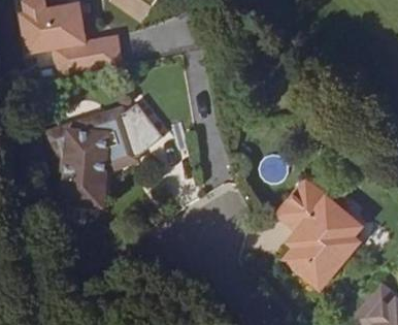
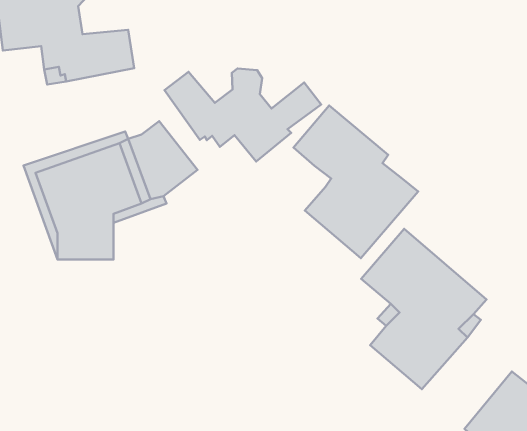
building: none -> [164,69,321,161]
building: none -> [293,106,418,258]

